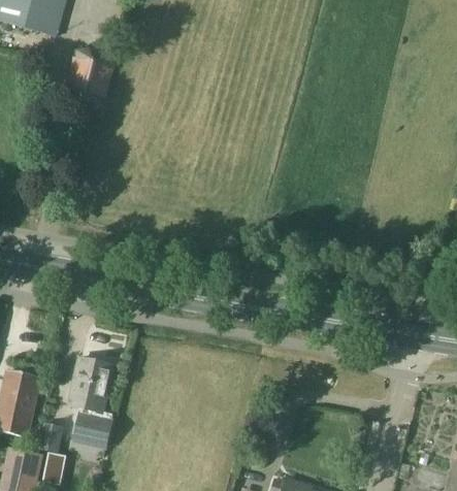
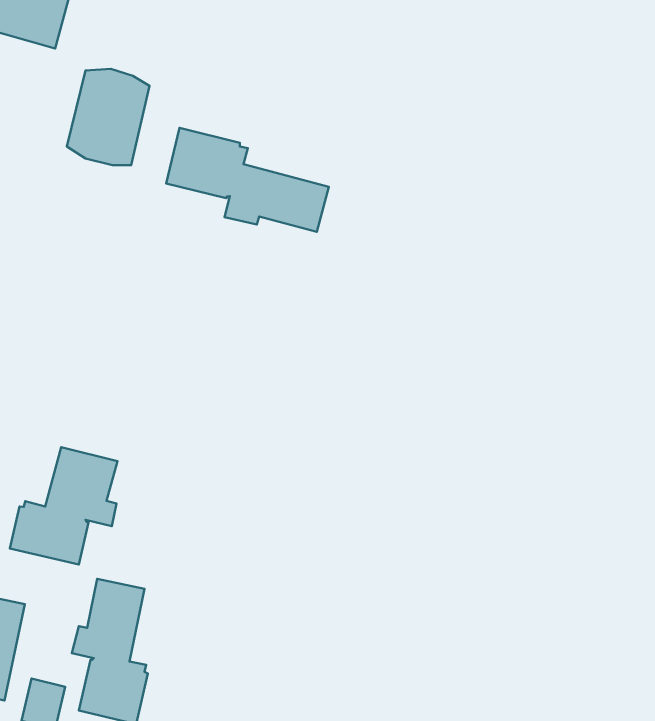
building: none -> [166,128,329,232]
building: none -> [10,447,117,564]

